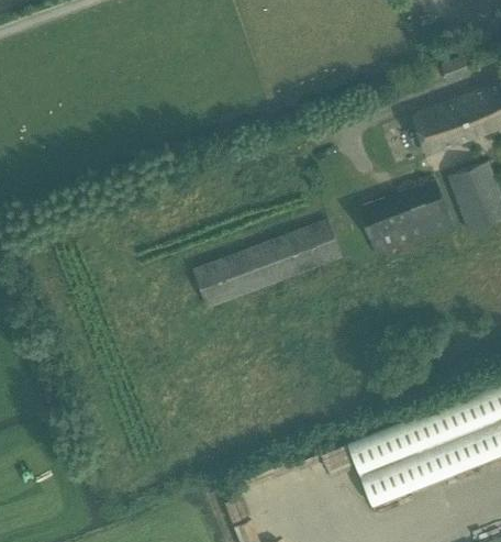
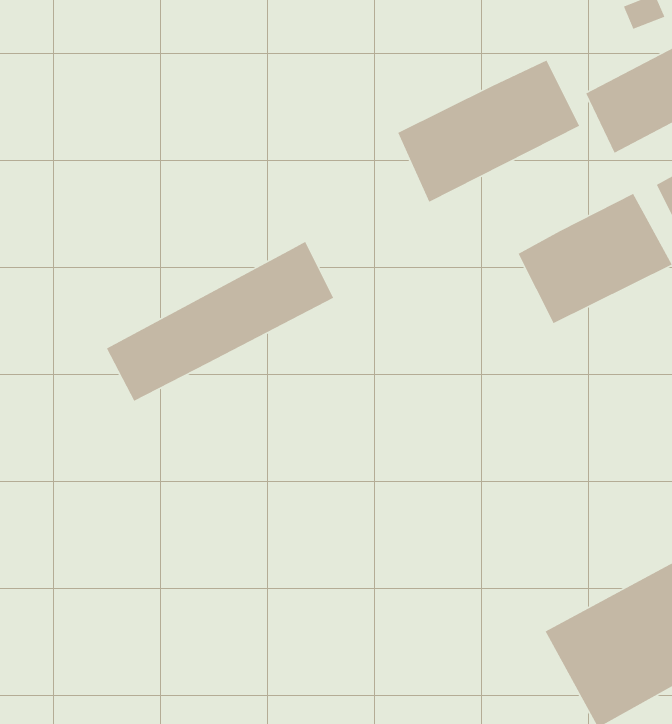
building: none -> [397,60,580,203]
building: [196,221,339,307] -> [106,241,334,402]

